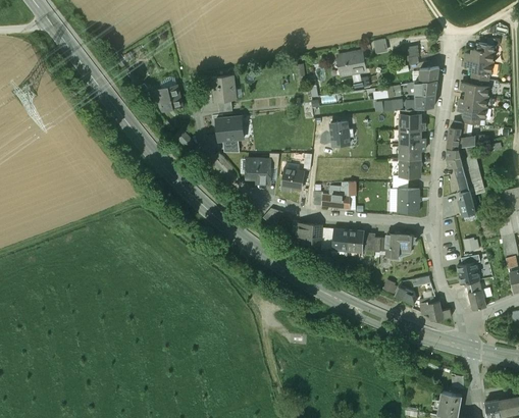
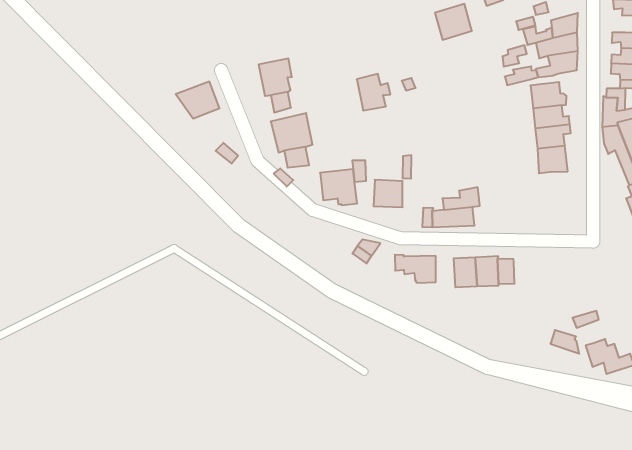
building: [331,121,354,146] -> [357,74,390,110]
building: [398,189,419,212] -> none
building: [386,234,416,257] -> none

